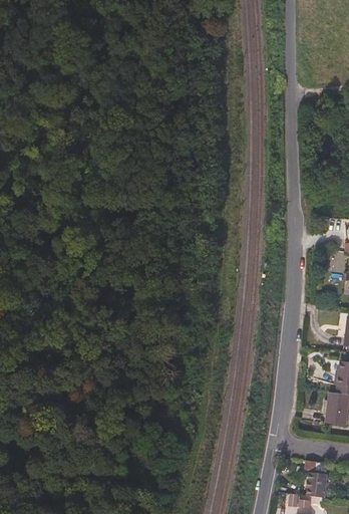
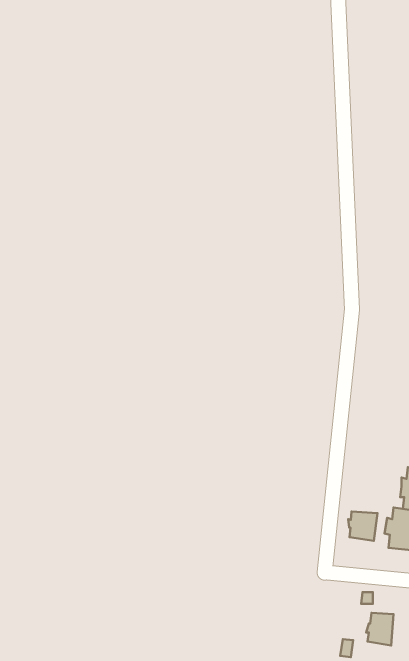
building: none -> [348,511,377,541]

